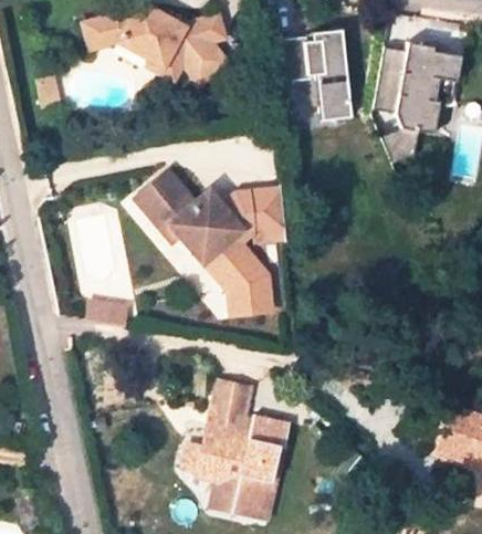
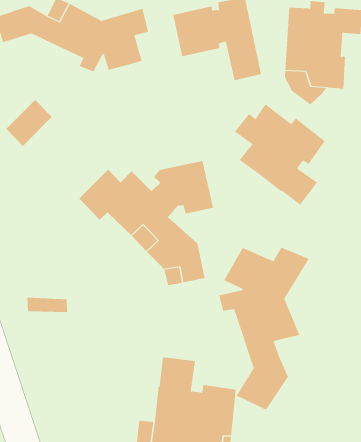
building: none -> [234,104,326,205]
building: [136,167,185,213] -> [5,99,53,147]
building: none -> [218,247,309,410]

